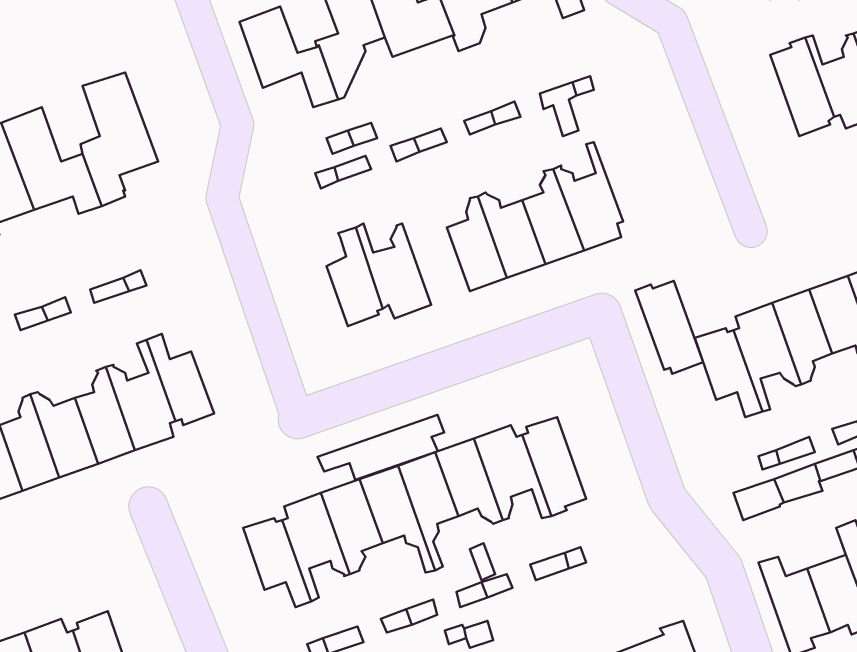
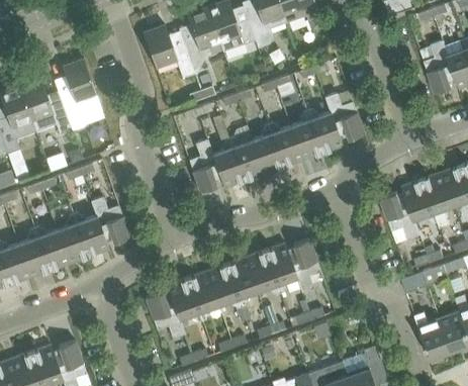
building: none -> [228,136,264,181]
building: [635,281,703,374] -> [329,91,364,139]
building: [318,415,444,480] -> none

